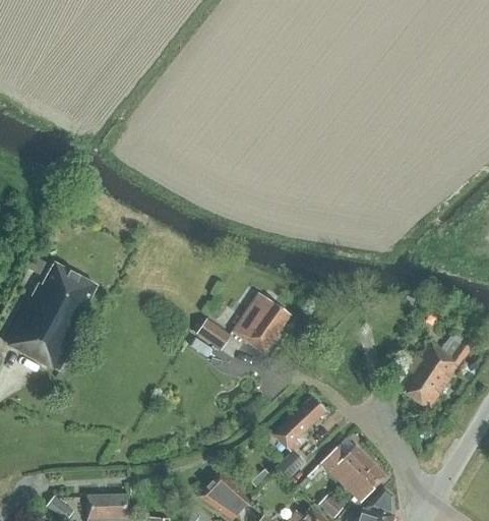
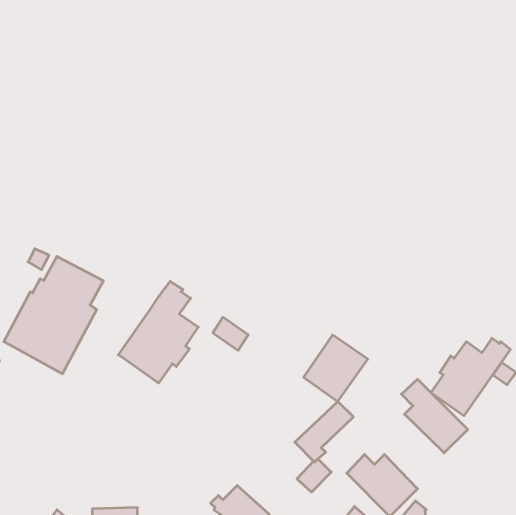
building: none -> [118,281,198,383]
building: [232,292,291,353] -> [304,335,368,401]
building: none -> [401,379,468,453]

